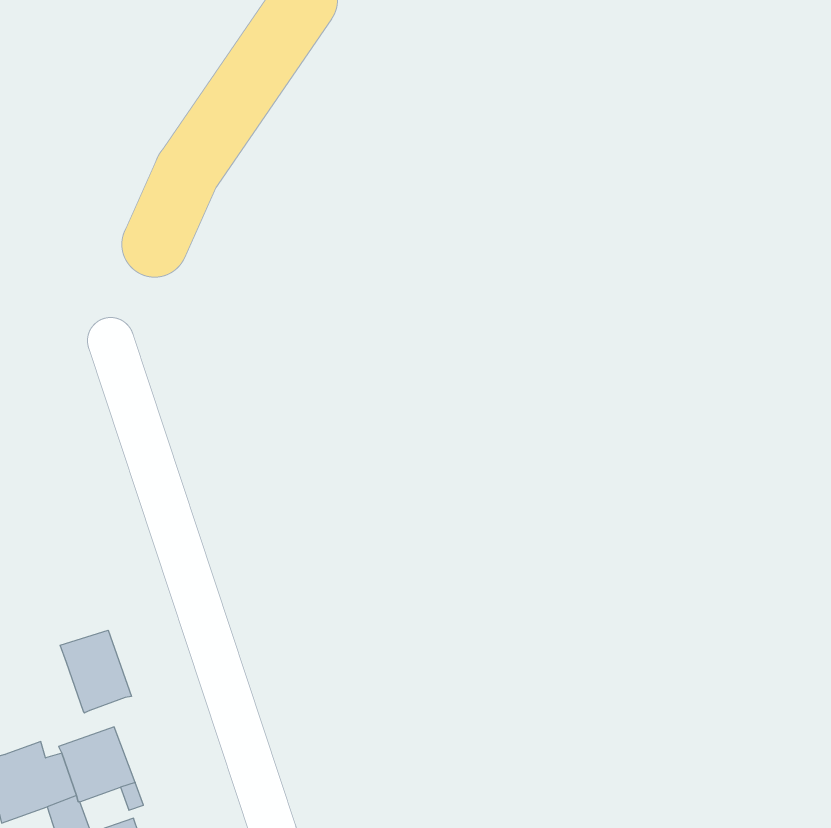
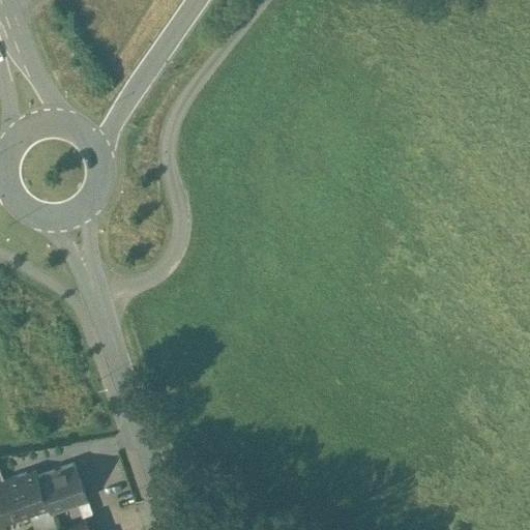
building: [60,630,131,713] -> none

